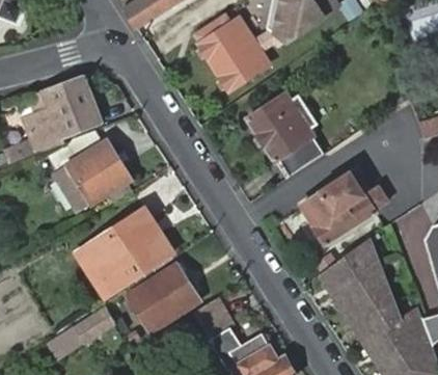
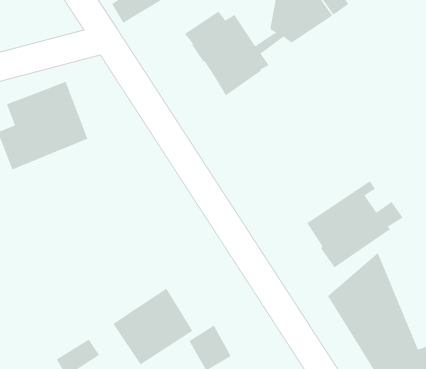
building: [247,91,325,177] -> none
building: [55,141,130,211] -> none
building: [81,206,174,294] -> none

